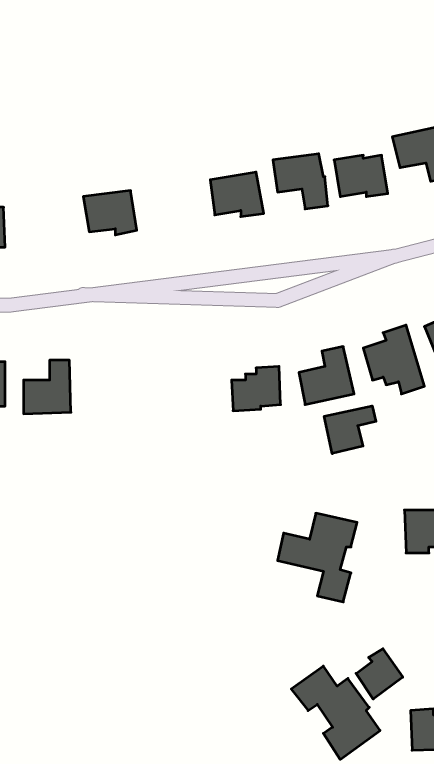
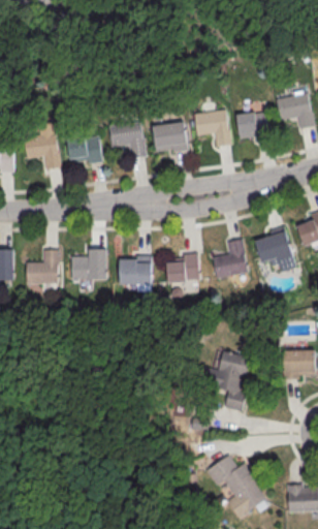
building: none -> [108,121,146,159]
building: none -> [24,132,61,170]
building: none -> [70,249,106,280]
building: none -> [119,255,152,284]
building: [324,406,376,454] -> none
building: [356,649,403,699] -> none

